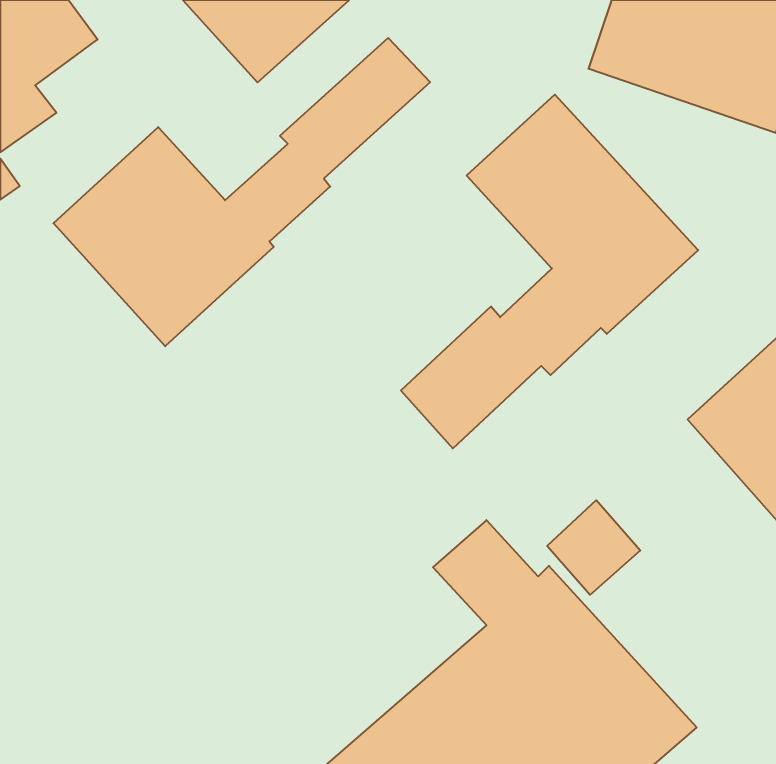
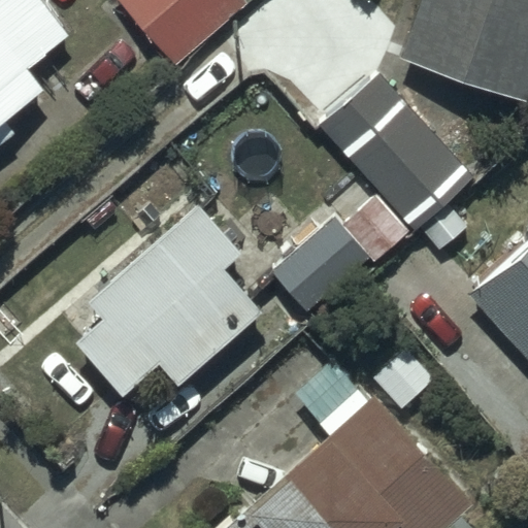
building: [53,38,430,346] -> none
building: none -> [73,203,261,395]

